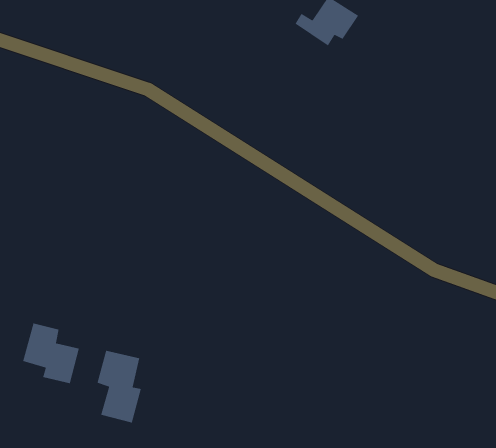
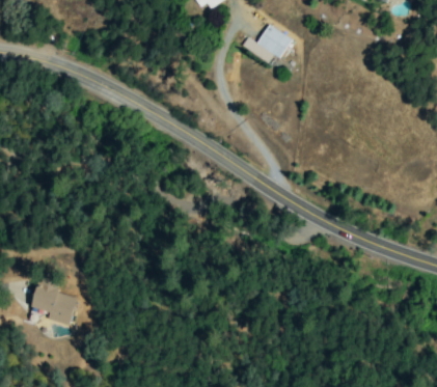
building: [97,350,142,424] -> none

